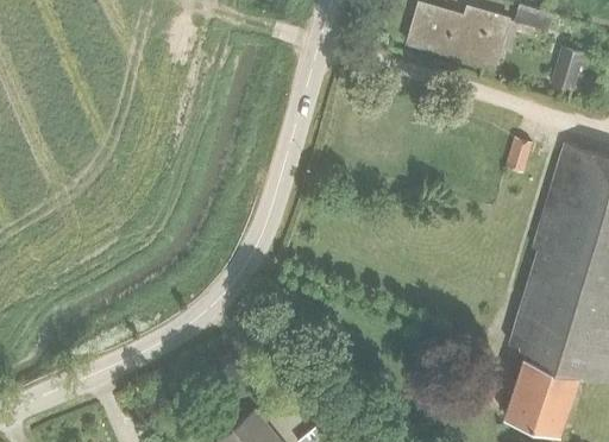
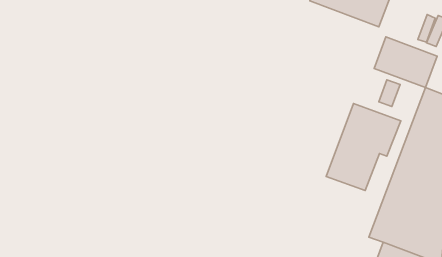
building: none -> [374,37,437,88]
building: none -> [326,103,401,191]

